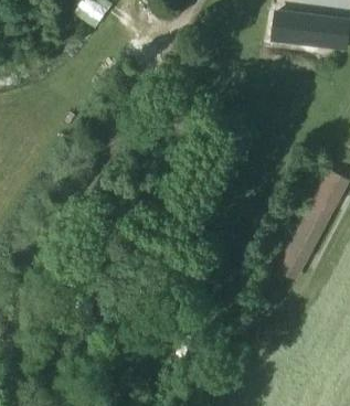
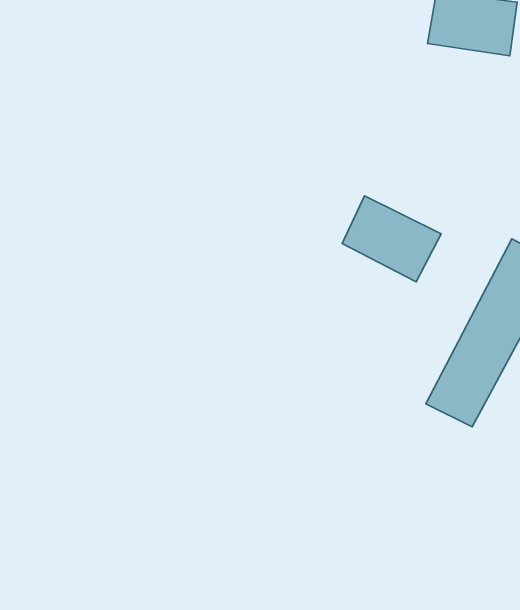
building: none -> [342,196,441,282]

